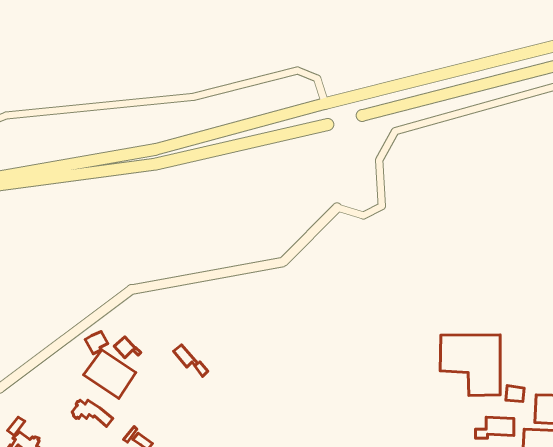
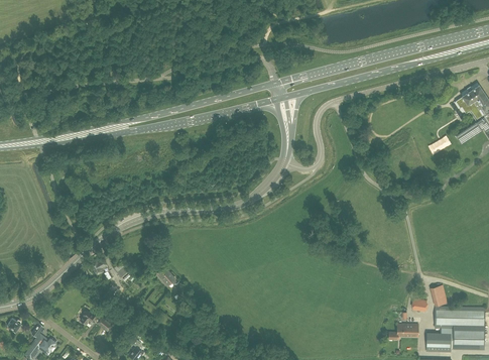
building: [440,335,500,396] -> none
building: [84,350,136,398] -> none

